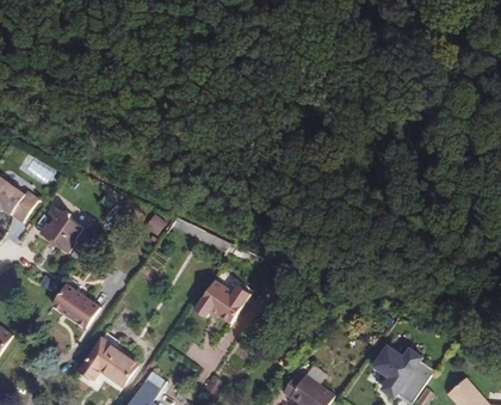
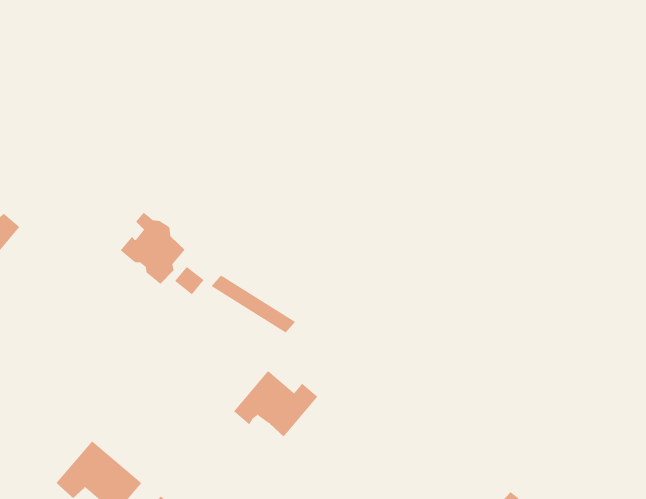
building: [41,205,85,253] -> [120,212,186,285]
building: [52,283,100,327] -> none

